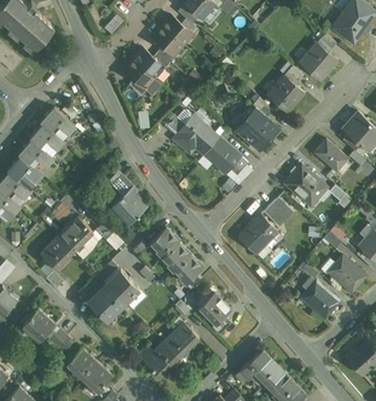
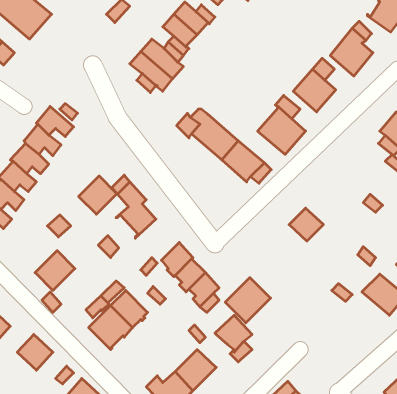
building: [313,139,347,172] -> none
building: [284,164,325,205] -> none
building: [237,214,277,254] -> [225,278,271,323]
building: [58,216,92,250] -> [79,176,117,214]
building: [300,280,339,318] -> none

